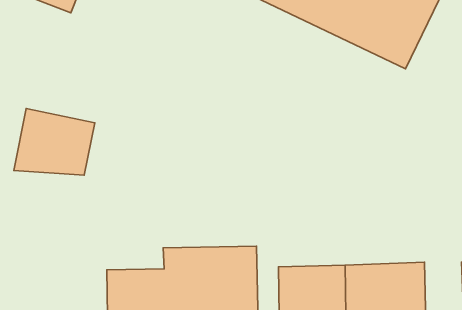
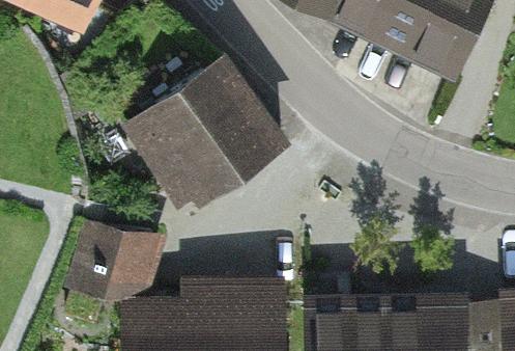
building: none -> [138,55,283,201]
building: [14,109,95,175] -> [75,223,163,296]

